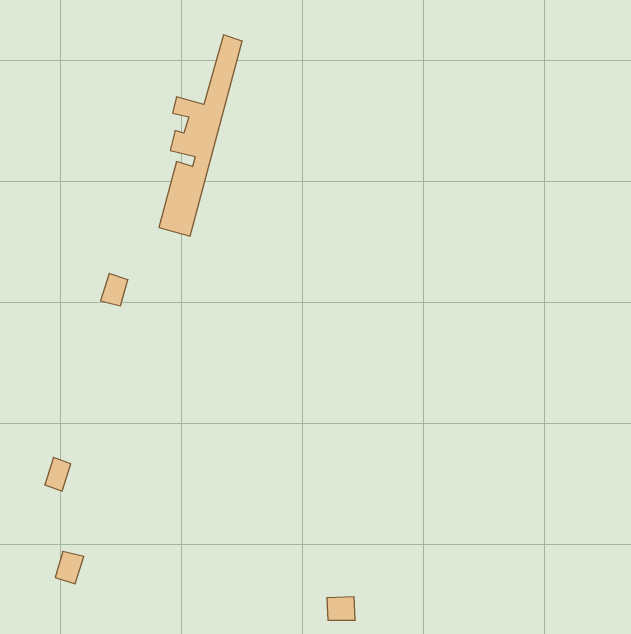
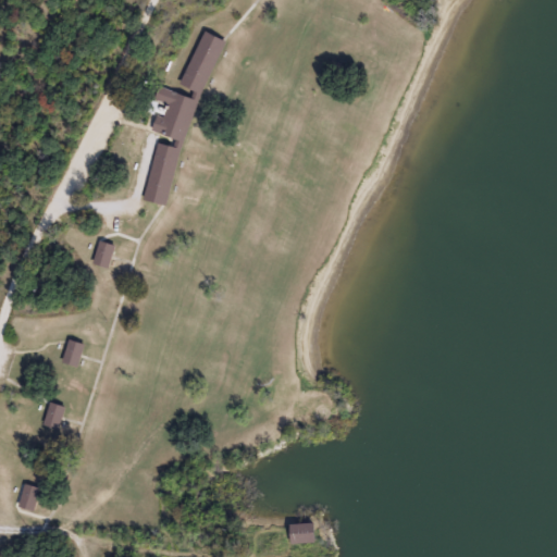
building: none -> [61,339,85,368]
building: [55,551,84,584] -> [16,484,41,512]

